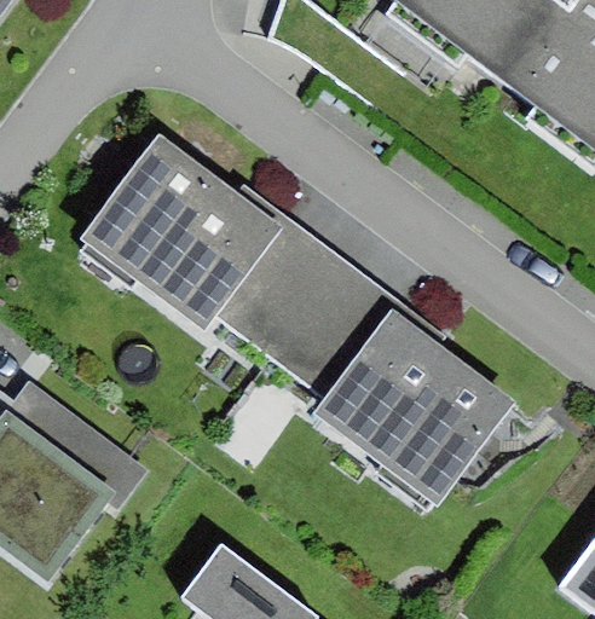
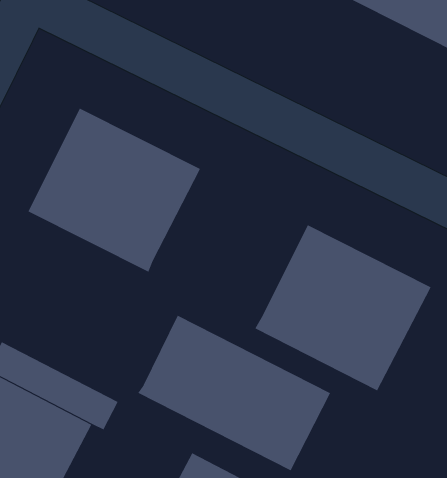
building: [214,226,393,401] -> none
building: none -> [137,315,331,471]

